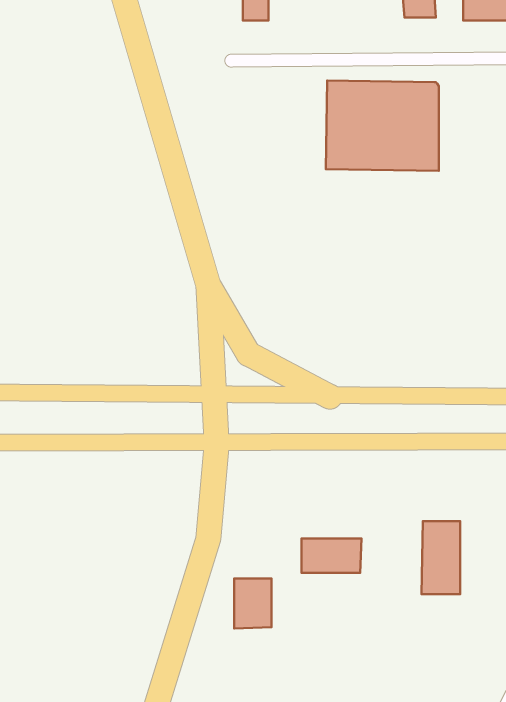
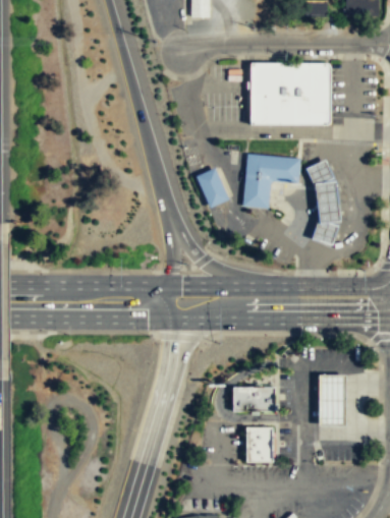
building: none -> [241,154,297,209]
building: none -> [305,159,340,244]
building: none -> [194,167,228,208]
building: [234,579,272,629] -> [245,427,272,463]

